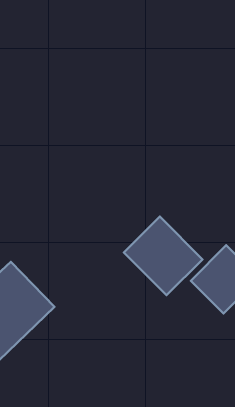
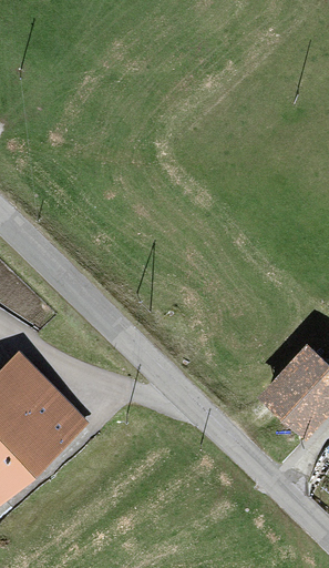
building: [124,217,202,295] -> none

